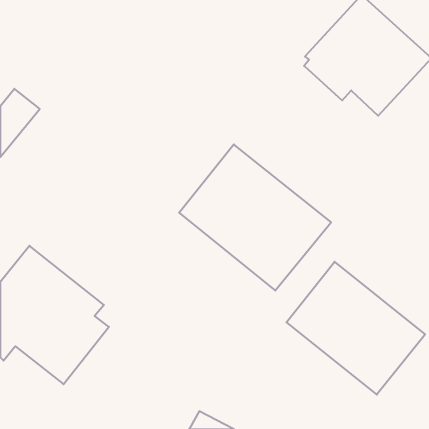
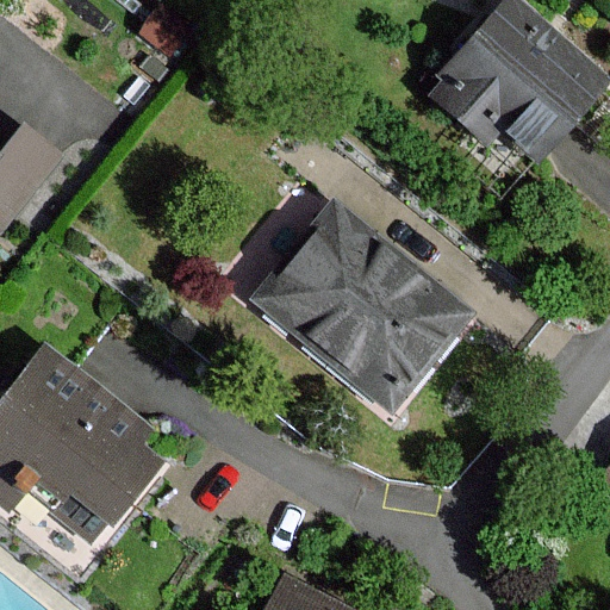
building: [286,262,425,395] -> none

